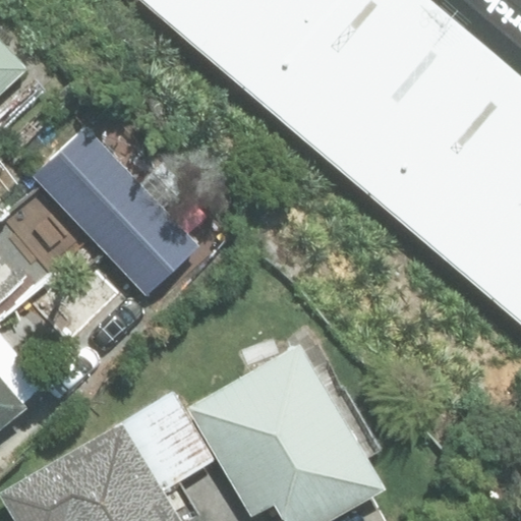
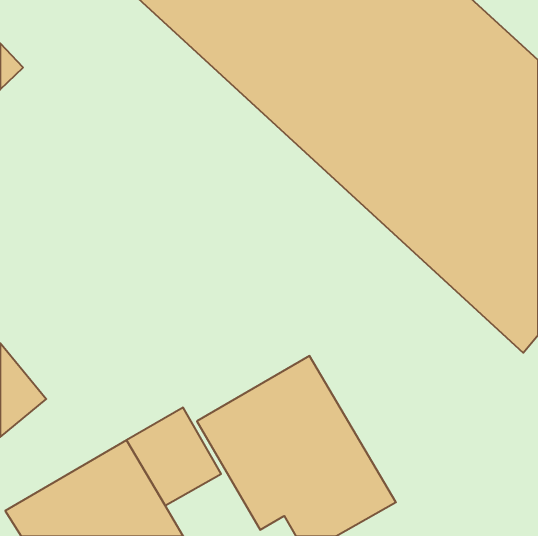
building: [38,128,195,290] -> none

